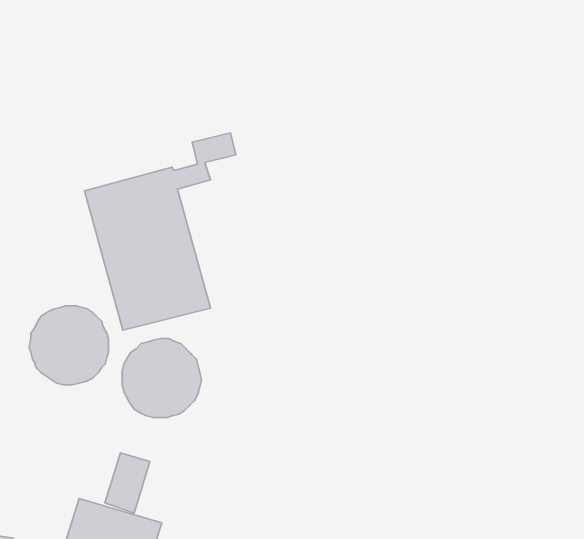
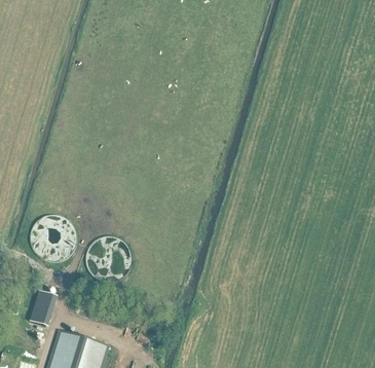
building: [84,133,236,330] -> none
building: [105,453,150,513] -> [30,291,57,327]

